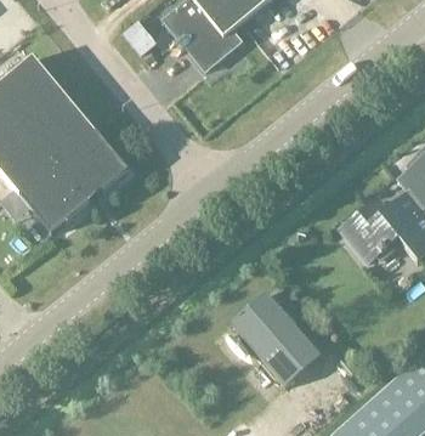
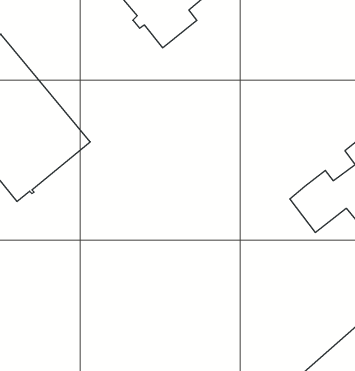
building: [231,291,321,385] -> none

